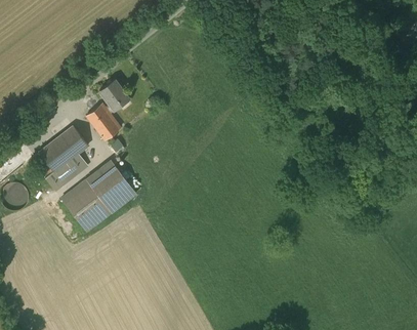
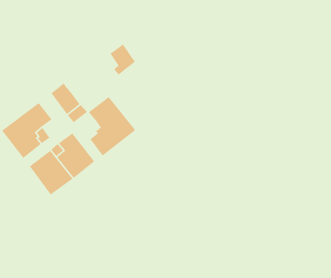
building: [99,78,129,114] -> [109,44,136,75]
building: none -> [88,96,136,157]

